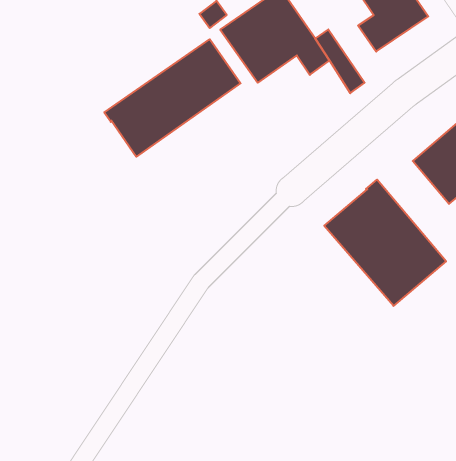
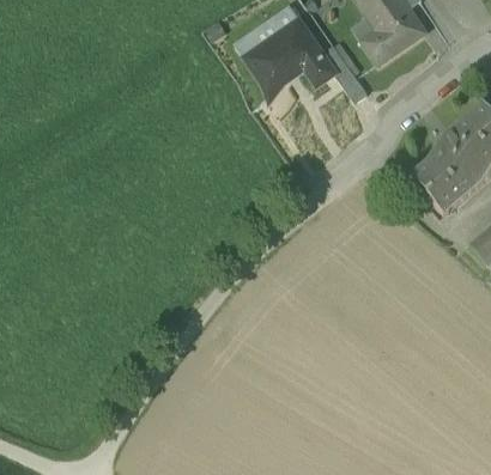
building: [104,39,241,157] -> none
building: [324,180,446,306] -> none

